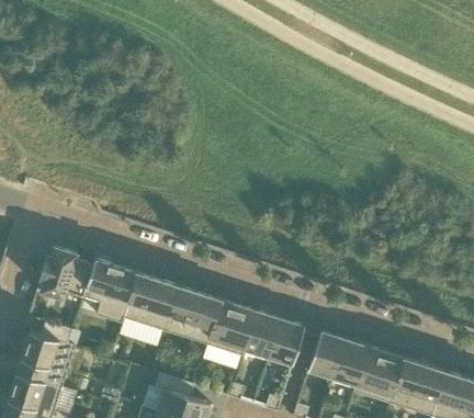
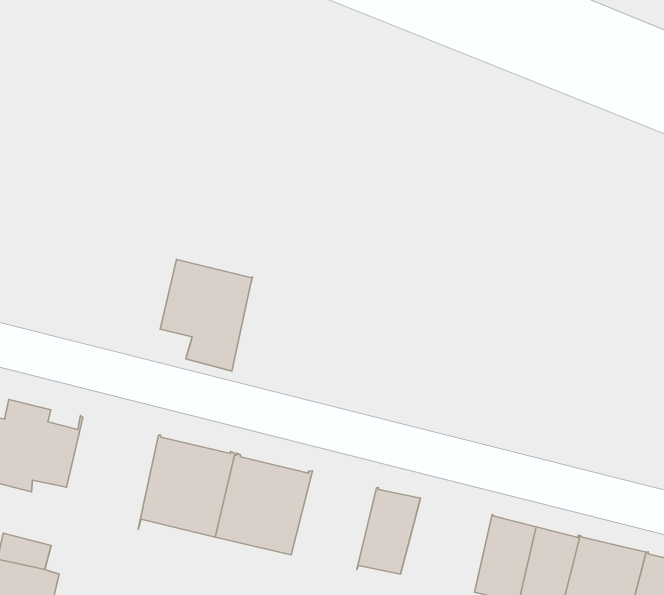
building: [83,259,137,324] -> [160,259,252,371]
building: [206,298,257,355] -> none
building: [267,318,305,368] -> none

